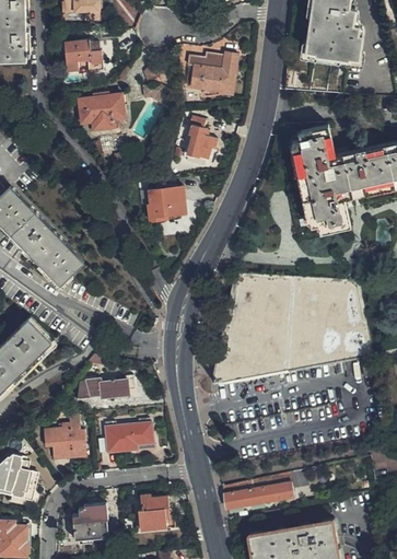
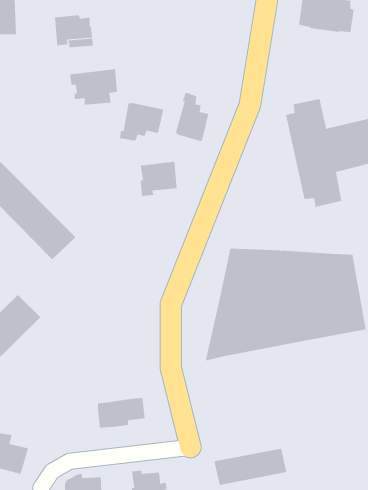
building: [188,55,238,97] -> none
building: none -> [120,102,164,142]
building: [77,376,135,400] -> none
building: [44,414,85,459] -> none

